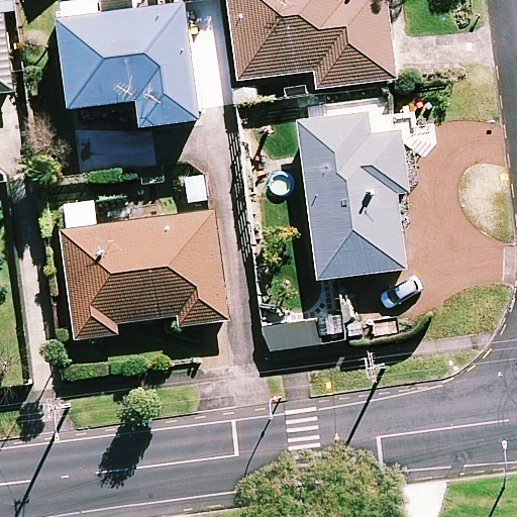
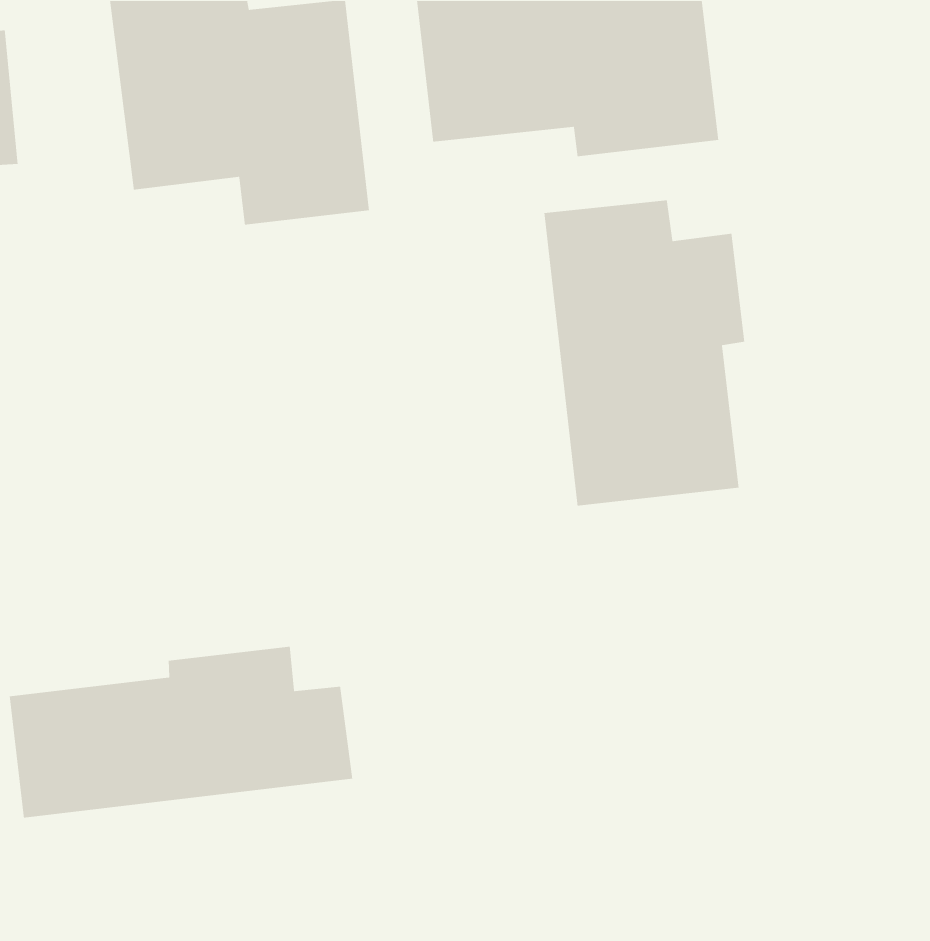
building: [57,200,224,339] -> none
building: none -> [9,646,353,818]

